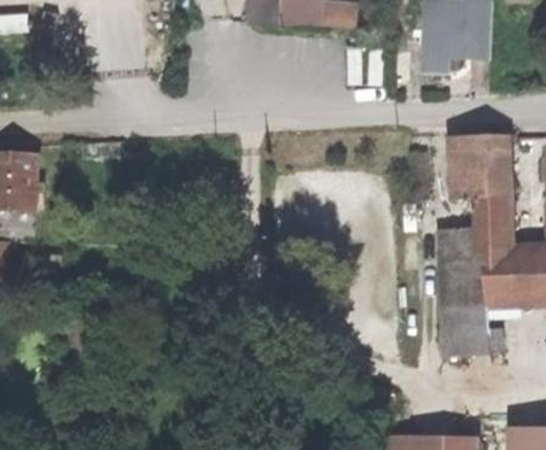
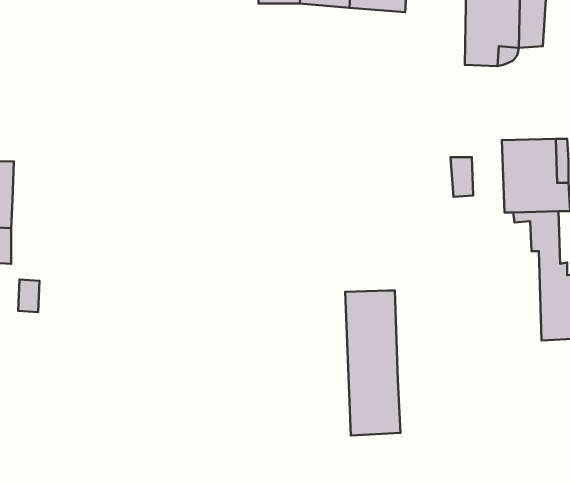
building: [440,228,487,351] -> [345,291,401,436]

